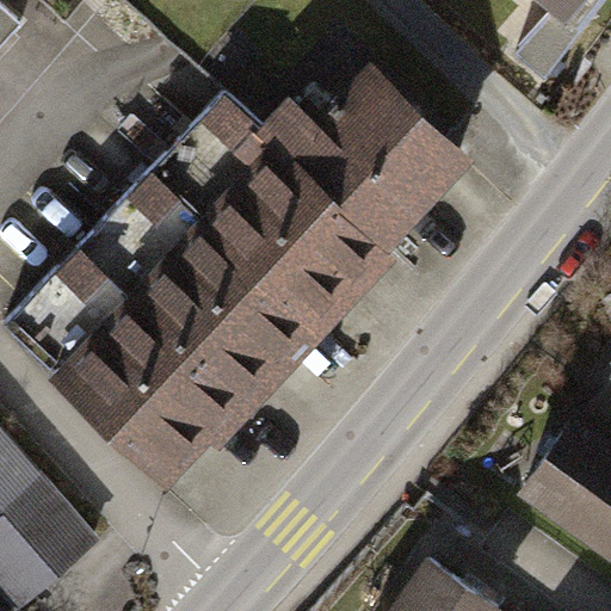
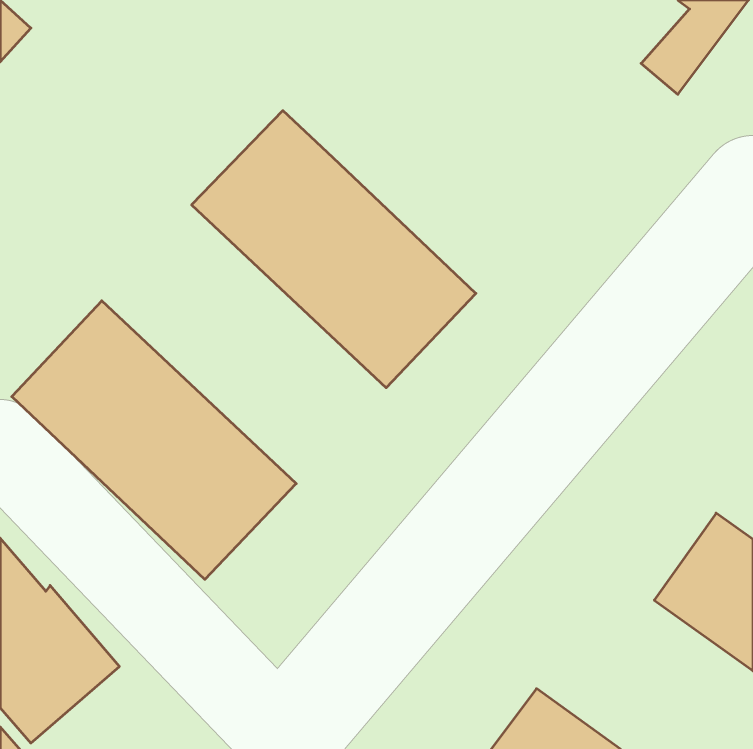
building: [270,73,464,241] -> none
building: [82,169,313,395] -> none

